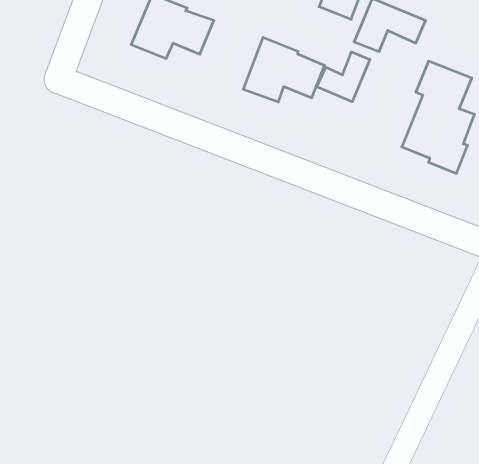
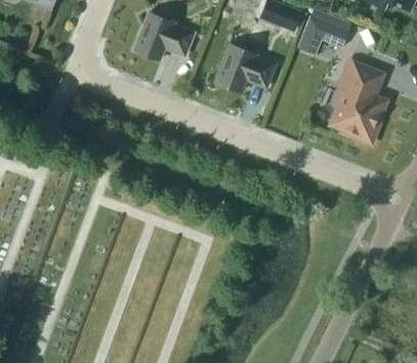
building: [317,52,370,102] -> none

